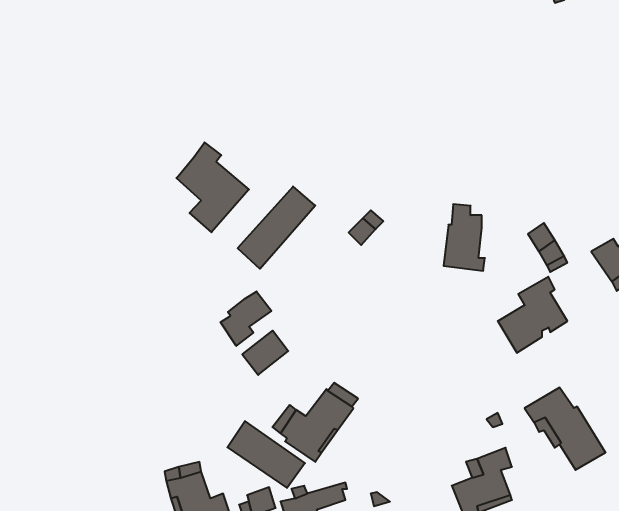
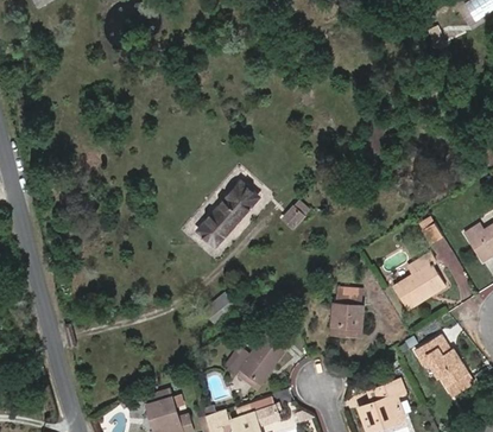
building: [176,142,249,232] -> none
building: [444,204,485,271] -> [330,287,361,337]
building: [221,291,271,346] -> none
building: [227,421,305,488] -> none

